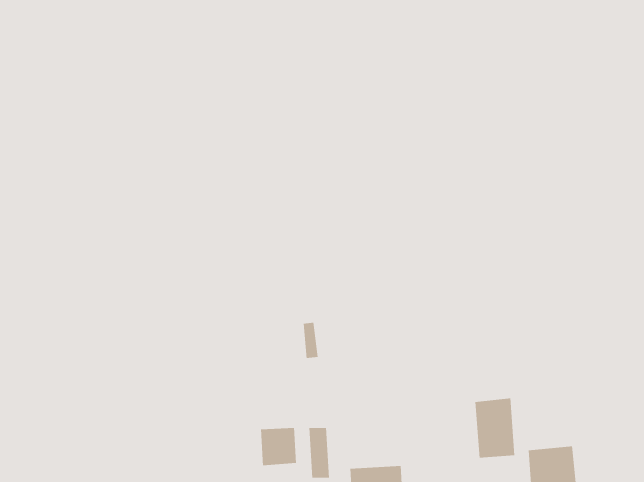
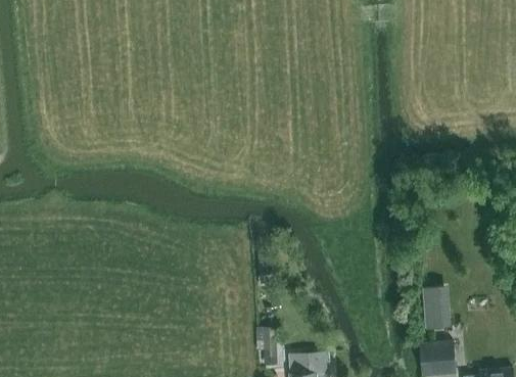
building: [475,398,515,458] -> [422,285,452,329]
building: [261,427,297,466] -> none

